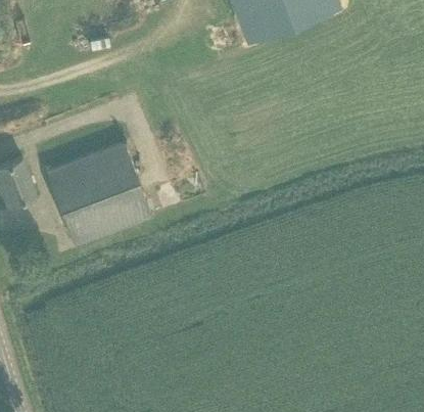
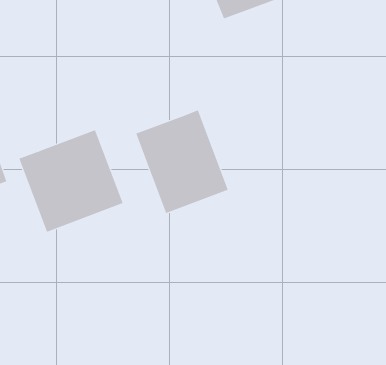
building: none -> [136,109,229,214]

